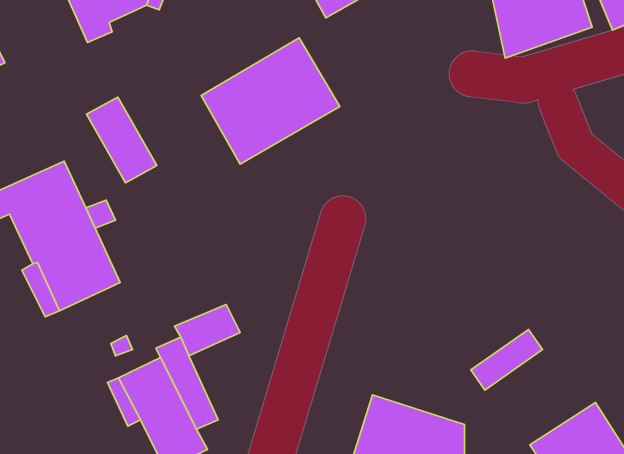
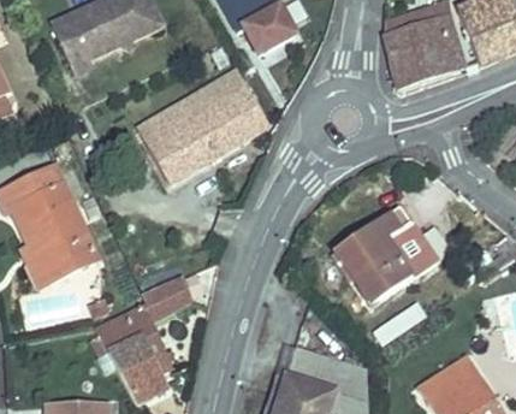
building: [87,97,157,183] -> [138,116,192,182]
building: none -> [333,205,443,304]

